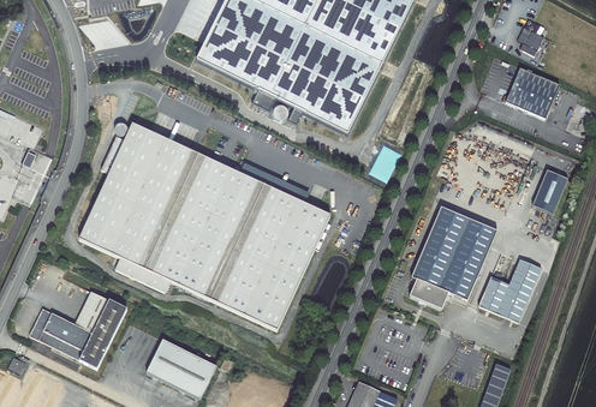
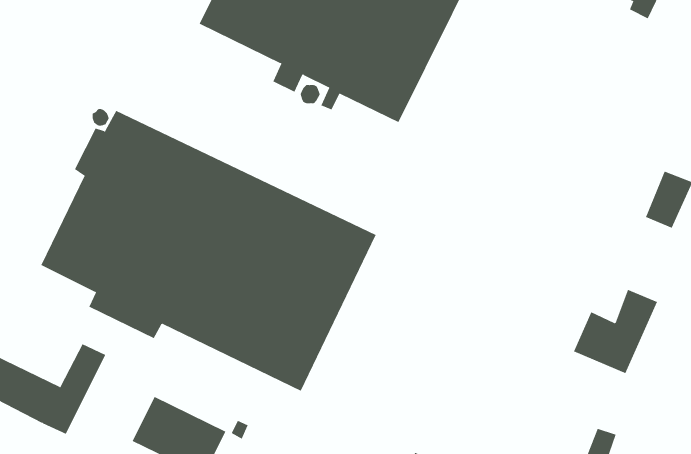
building: [501,66,559,116] -> none
building: [409,204,496,307] -> none
building: [76,289,108,330] -> none

